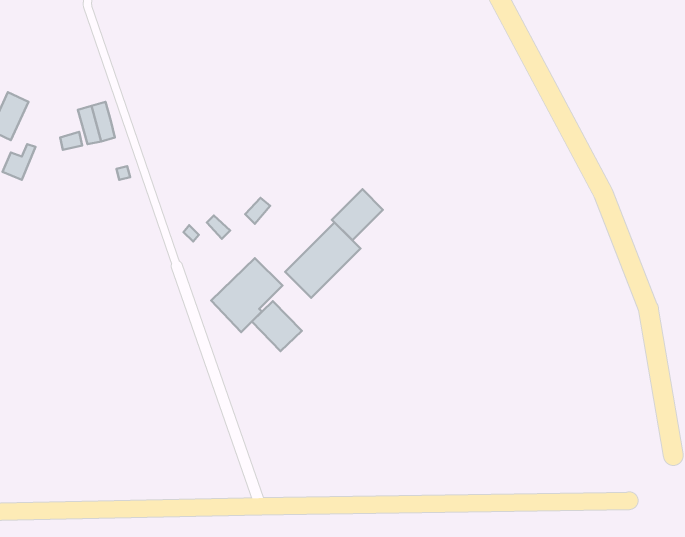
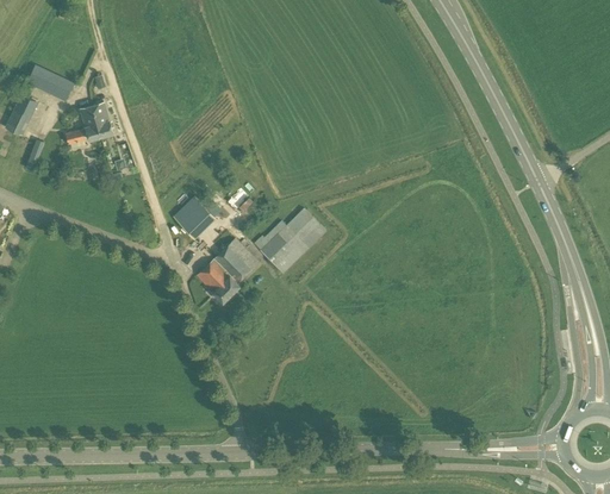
building: none -> [26,64,73,99]
building: [332,189,383,240] -> none
building: [252,301,302,351] -> none

